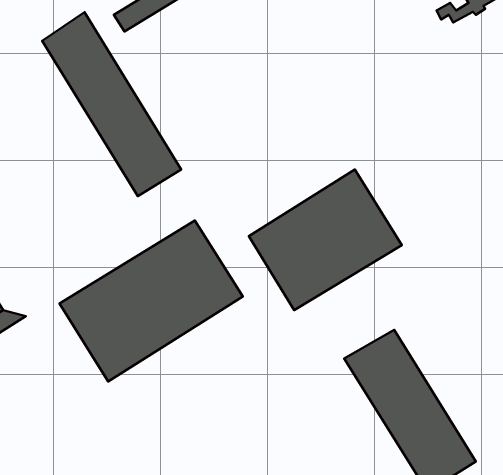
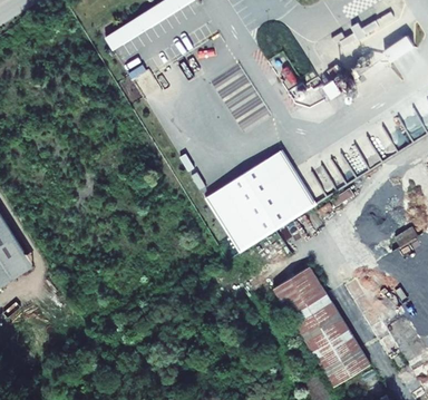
building: [42,12,181,196] -> none
building: [60,221,243,382] -> none

